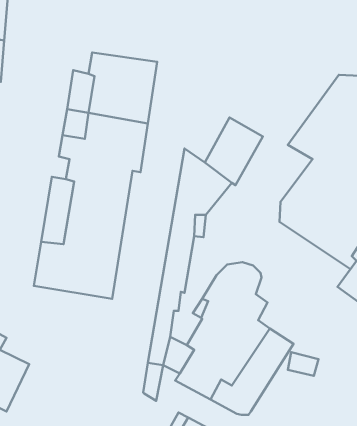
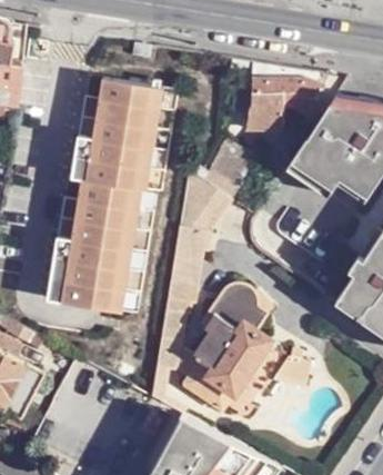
building: none -> [249,81,323,135]

